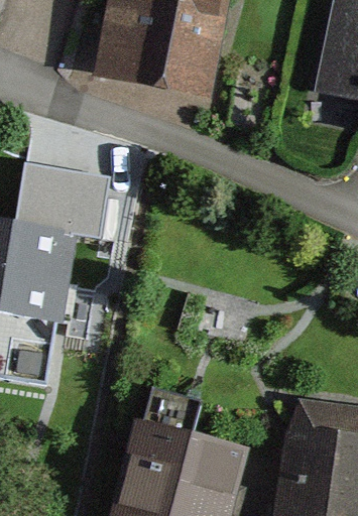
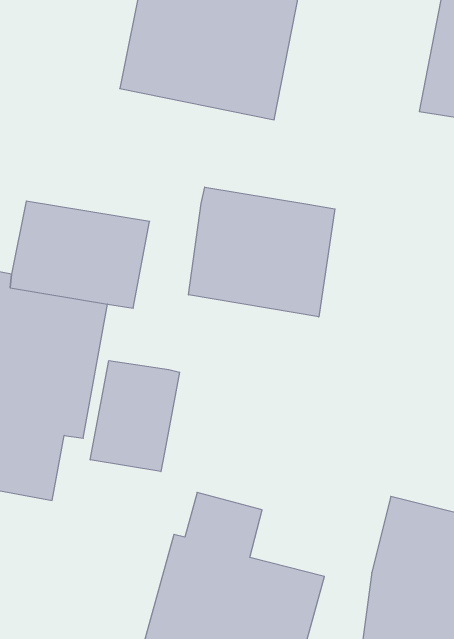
building: none -> [189,187,335,317]
building: none -> [90,361,180,472]

